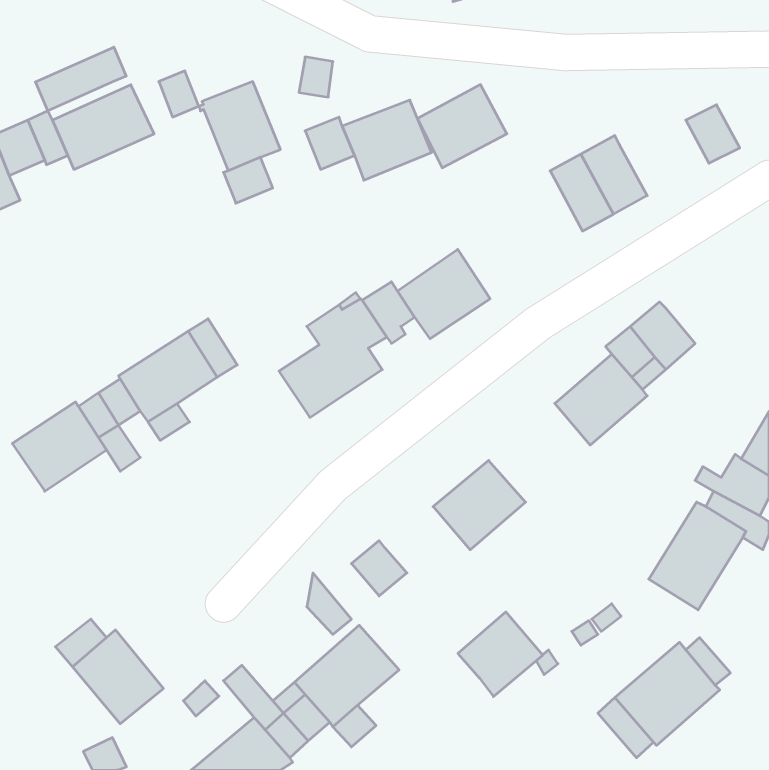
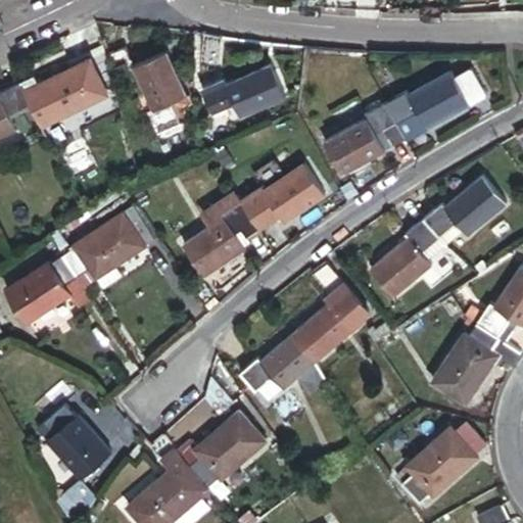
building: [35,47,126,111] -> none
building: [417,85,507,168] -> [327,121,386,176]
building: none -> [411,75,470,130]
building: none -> [441,173,504,233]
building: none -> [310,268,362,333]
building: [458,612,543,697] -> [255,336,312,392]

